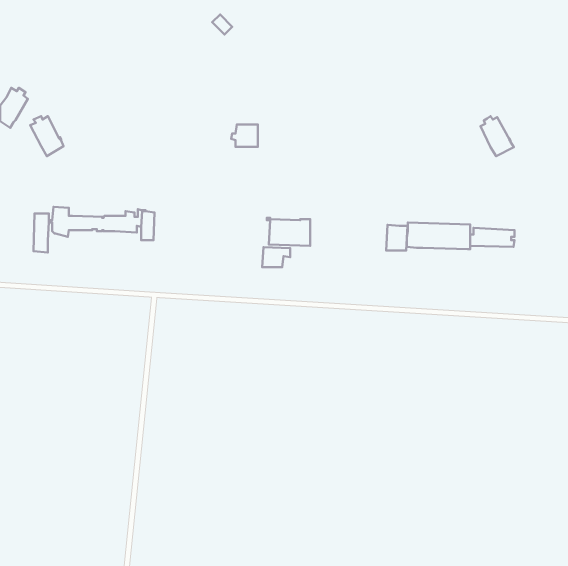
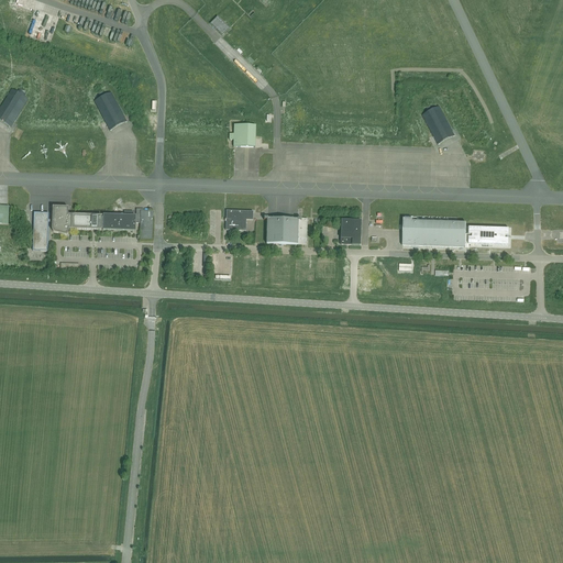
building: [481,116,514,156] -> [422,103,455,143]
building: [30,116,64,156] -> [93,90,126,130]
building: [386,225,407,250] -> [340,218,361,243]
building: [262,247,290,267] -> [225,209,253,229]

